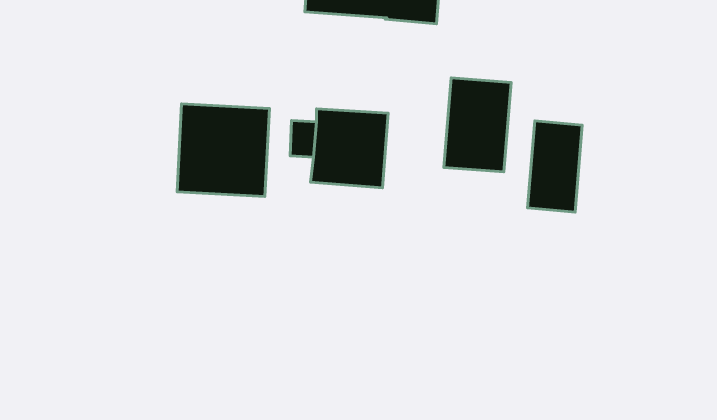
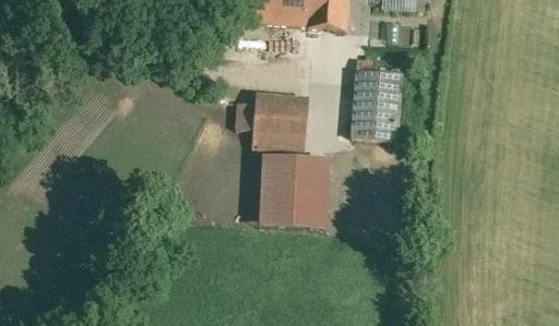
building: [177,104,269,196] -> [260,159,329,228]
building: [528,121,582,212] -> none

